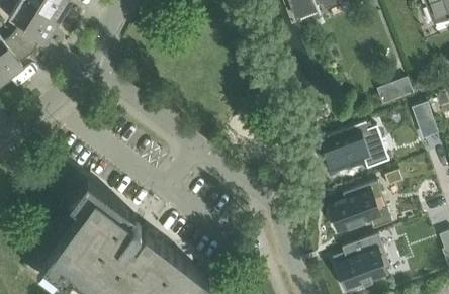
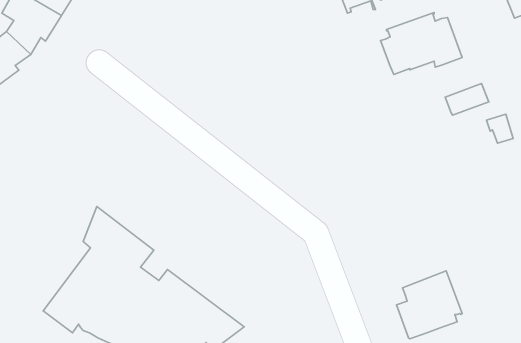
building: [322,122,389,174] -> [381,13,462,75]
building: [330,181,393,232] -> none

